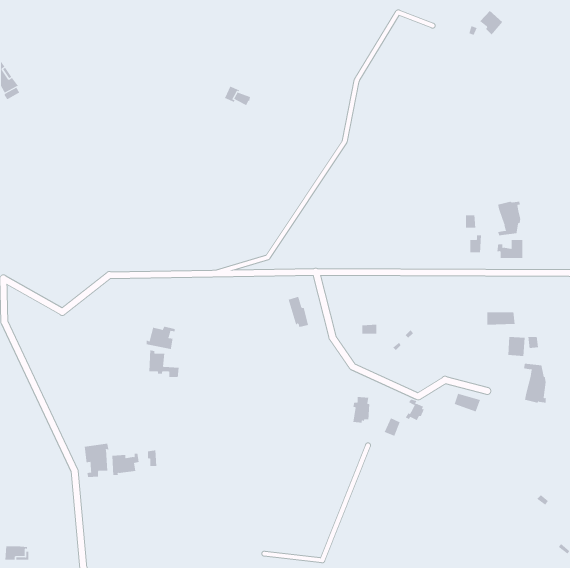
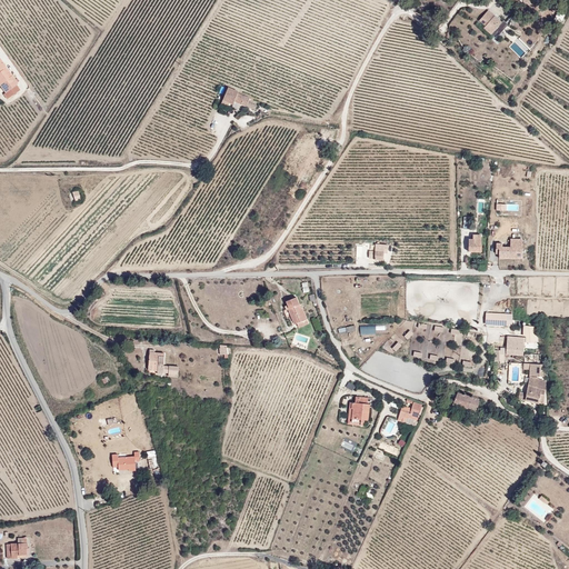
building: [497,201,521,236] -> none
building: [146,326,175,350] -> none
building: [84,443,109,478] -> none

